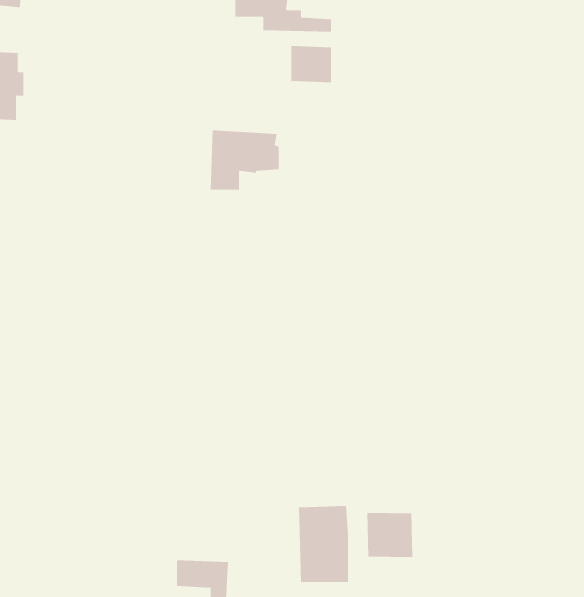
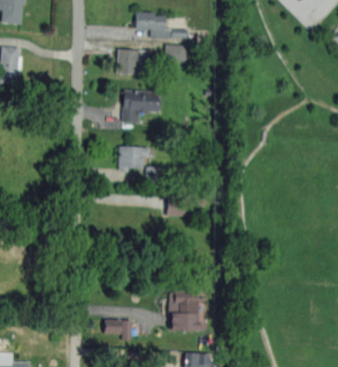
building: none -> [115,48,148,74]
building: none -> [118,145,149,170]
building: [367,512,413,558] -> none

